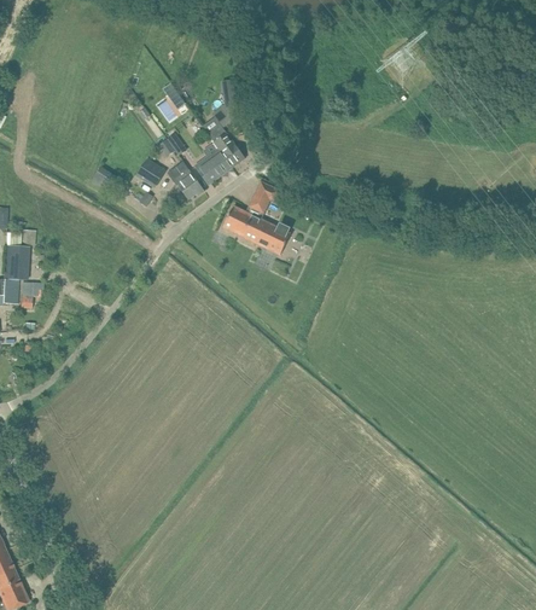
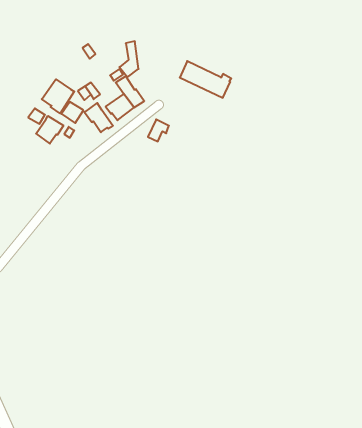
building: none -> [42,79,74,113]
building: none -> [36,116,63,144]
building: [223,204,291,252] -> [180,61,231,98]

